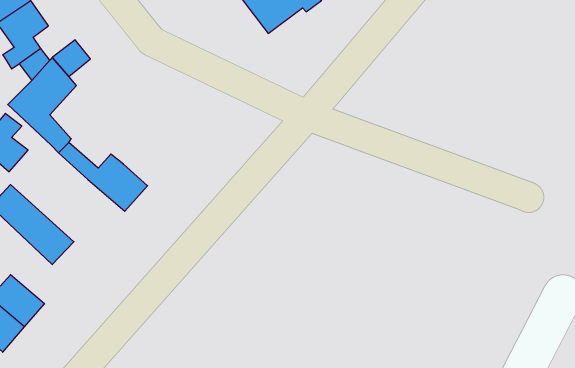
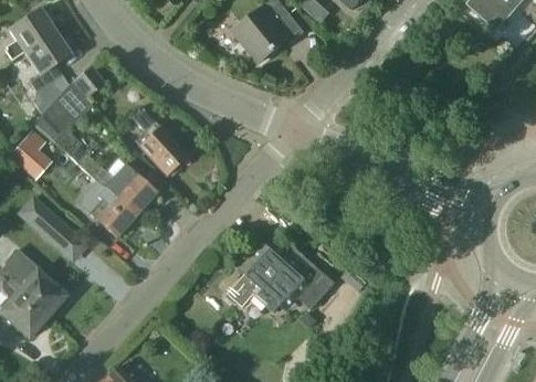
building: none -> [133,107,186,174]
building: none -> [88,187,135,236]
building: none -> [230,240,337,310]

